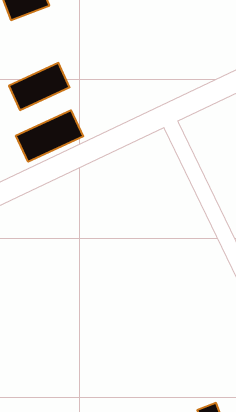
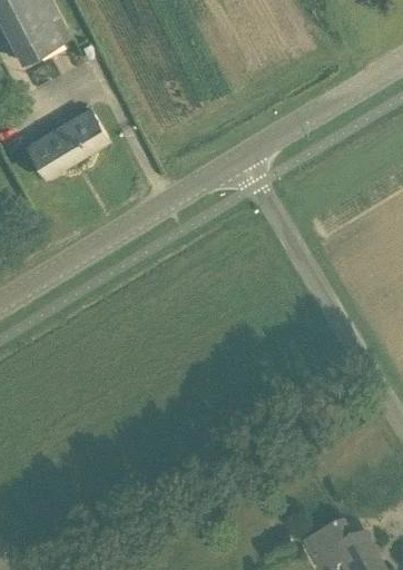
building: [16,110,83,162] -> none

